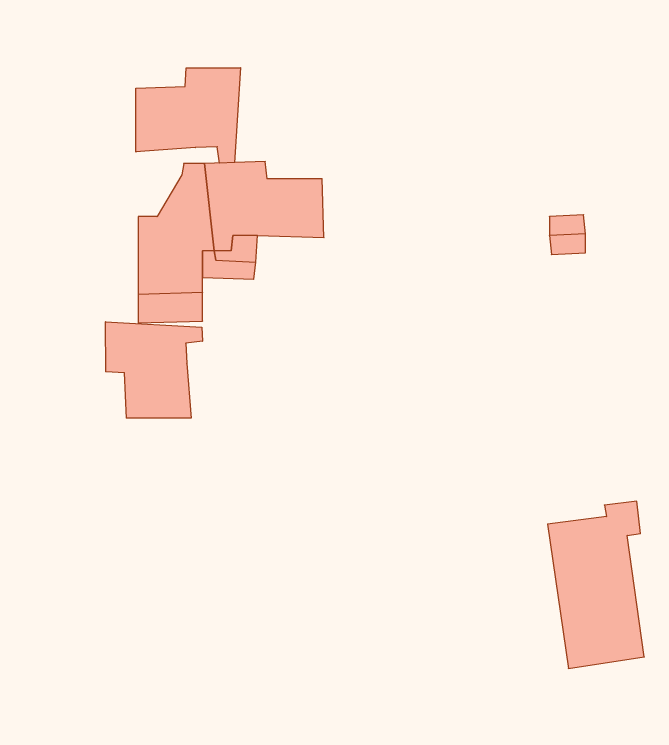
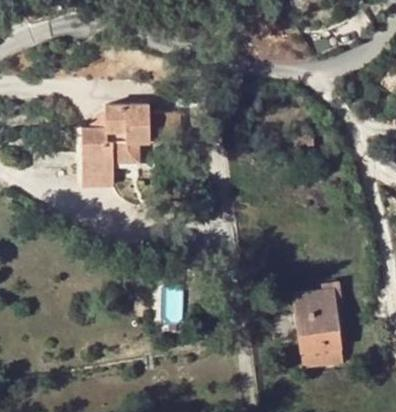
building: [136,68,241,163] -> none
building: [106,322,202,418] -> none

